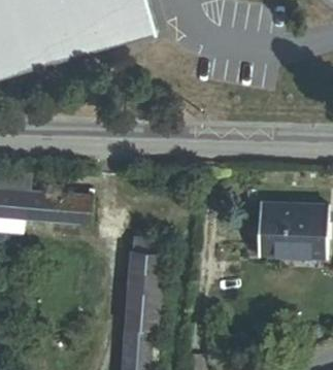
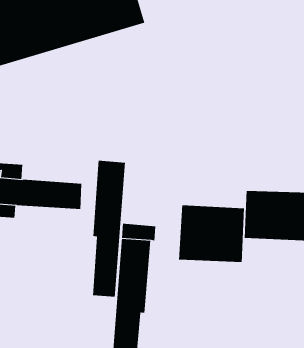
building: none -> [93,160,125,298]
building: none -> [179,204,244,263]

